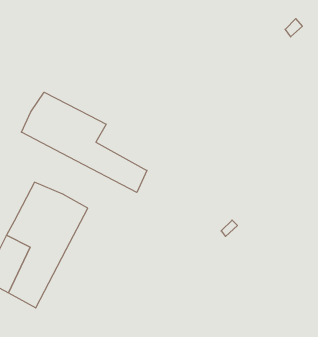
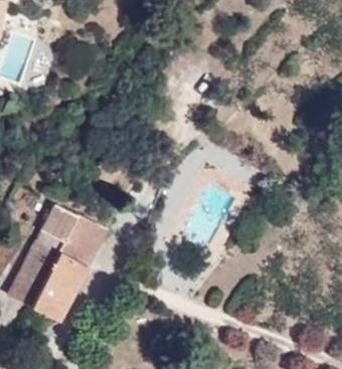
building: [21,92,147,192] -> none

